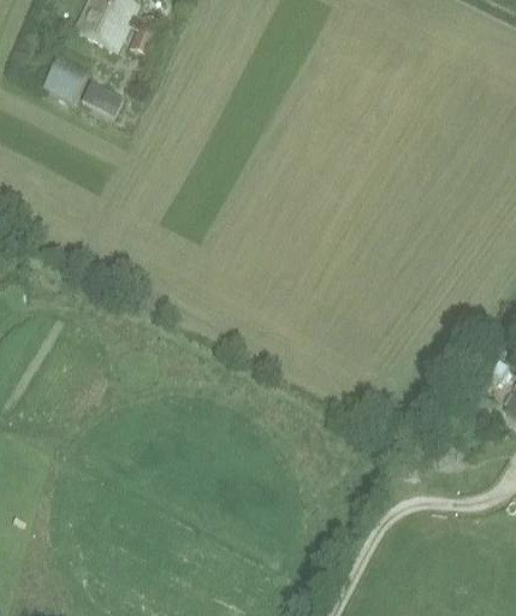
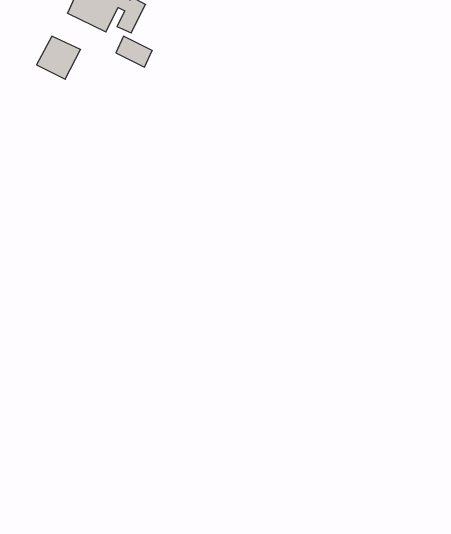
building: [81,81,120,114] -> [116,36,152,67]

